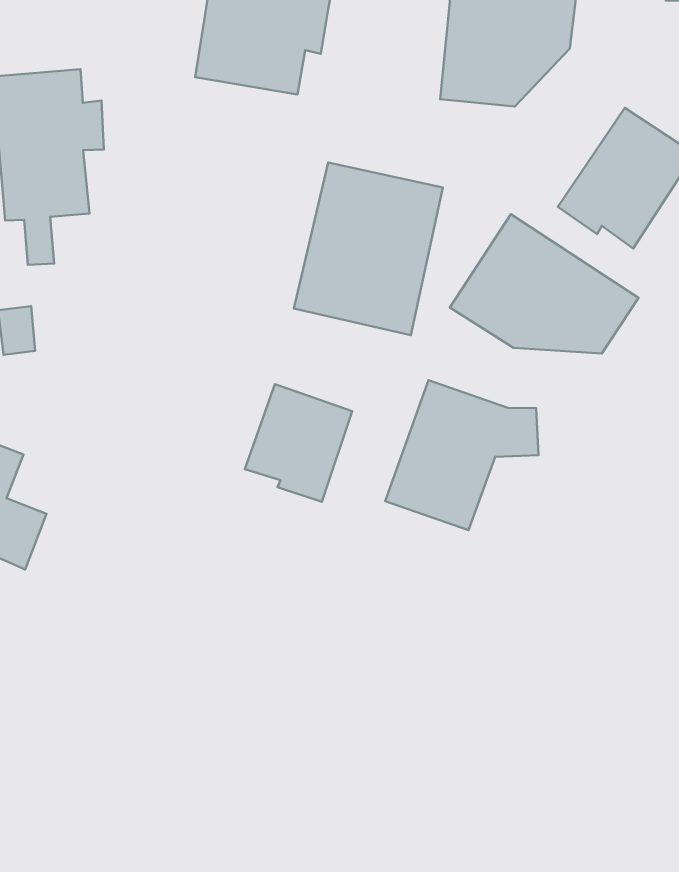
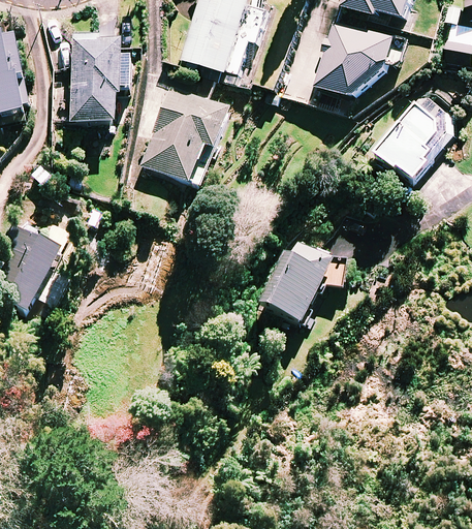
building: [294,162,443,335] -> [137,87,227,187]
building: [450,214,639,354] -> none
building: [245,384,352,502] -> none

